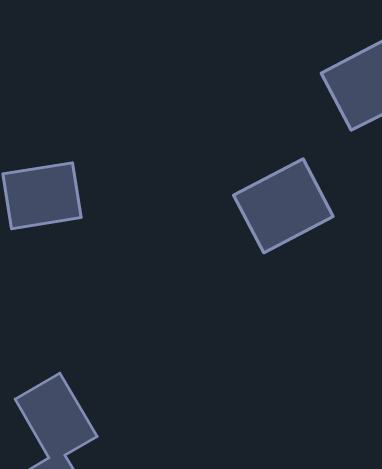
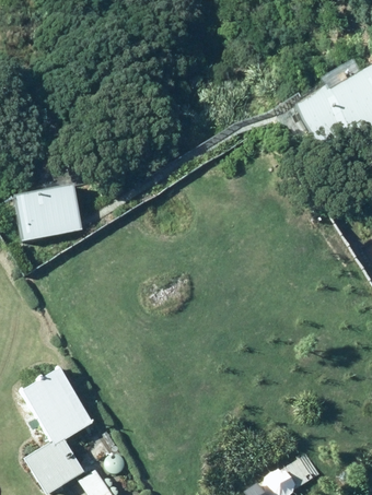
building: [234,159,333,253] -> none

